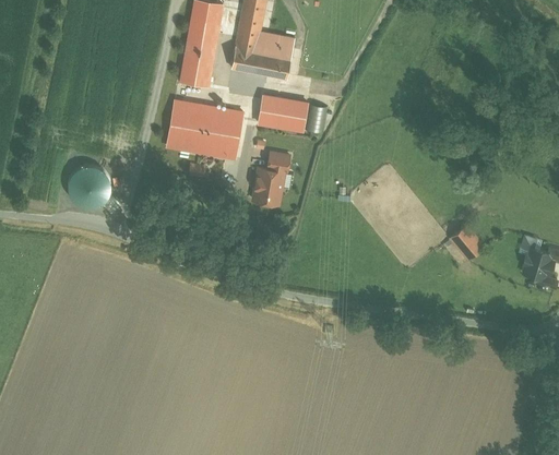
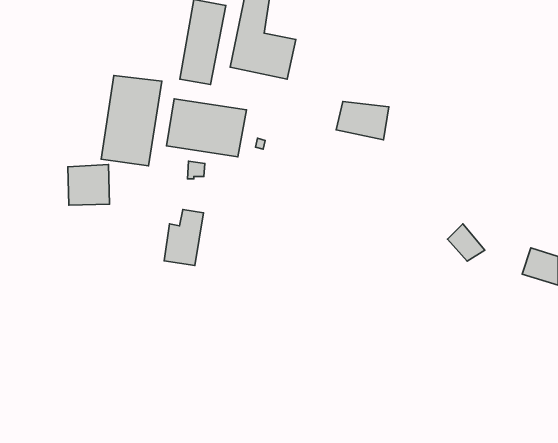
building: none -> [101,76,162,166]
building: [255,96,308,134] -> [336,101,389,140]
building: [250,149,289,205] -> [164,209,204,265]

